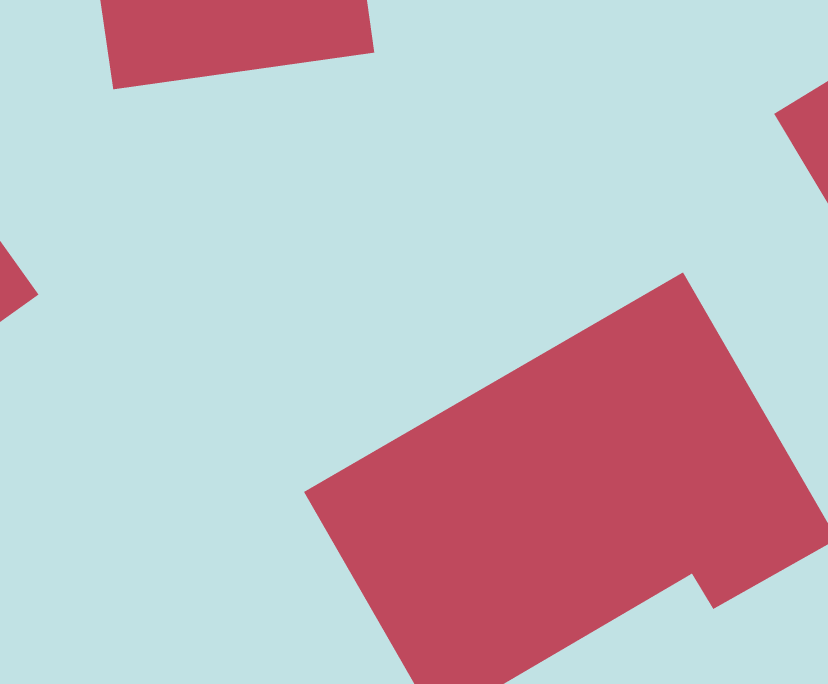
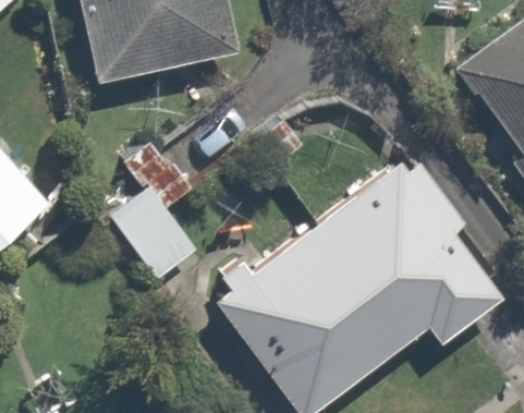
building: none -> [110,132,204,284]

